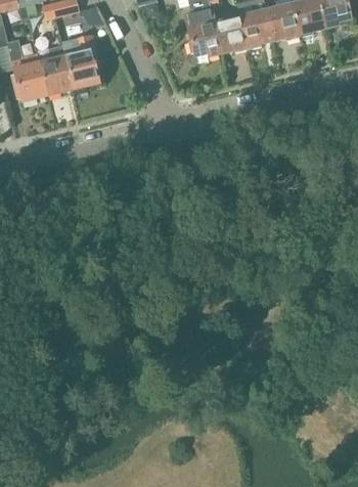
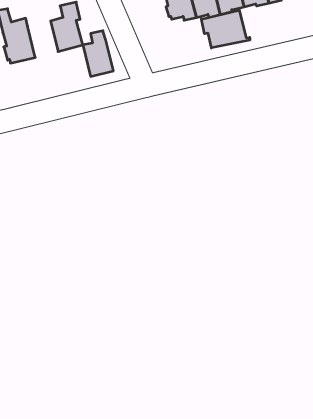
building: none -> [201,10,250,48]
building: [40,46,73,95] -> [83,31,113,76]

